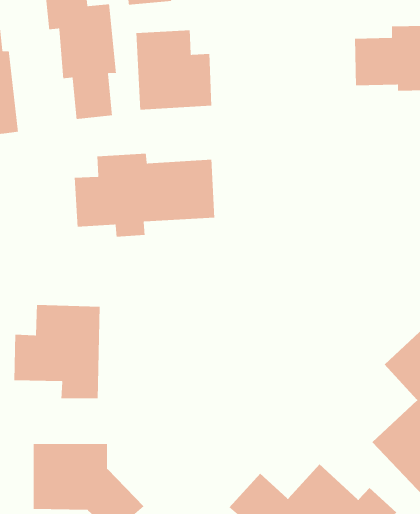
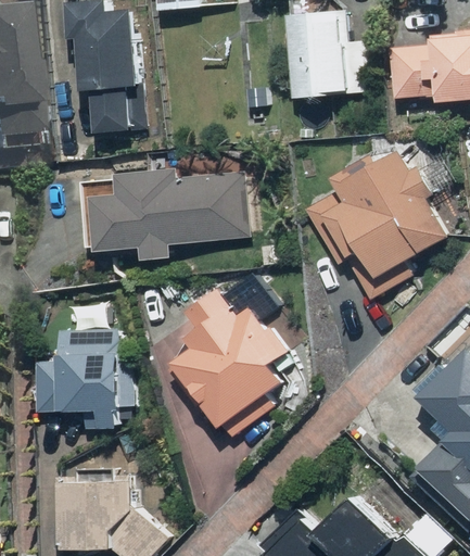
building: [135,30,212,110] -> [287,11,368,97]
building: none -> [304,152,449,301]
building: none -> [168,285,288,429]

